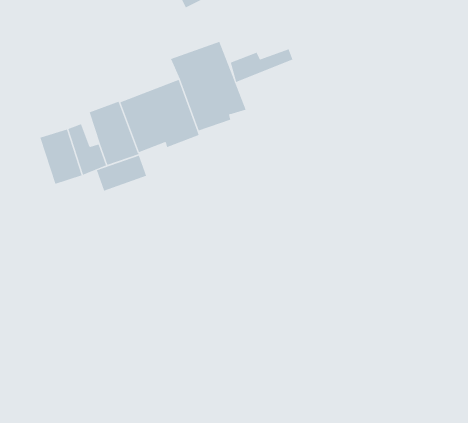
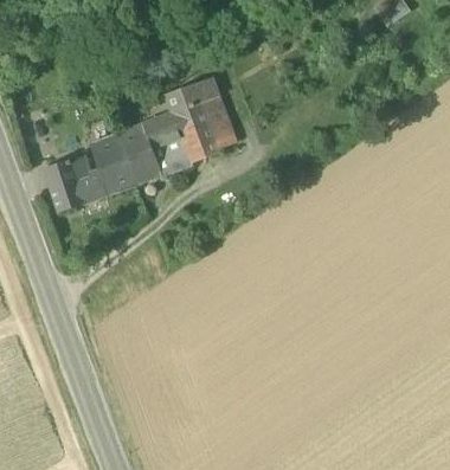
building: [230,48,293,83] -> none
building: [96,155,147,191] -> none

